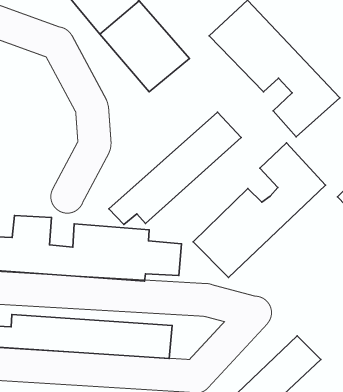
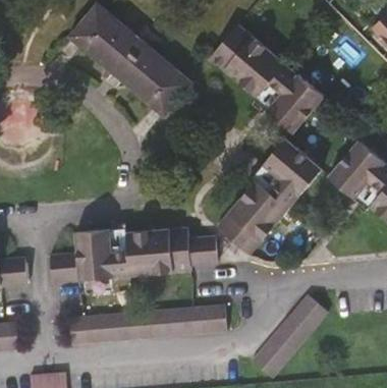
building: [109,112,241,225] -> none

